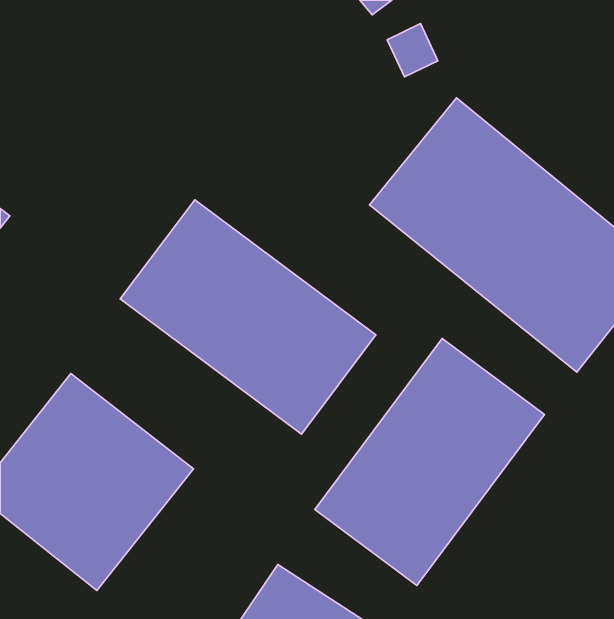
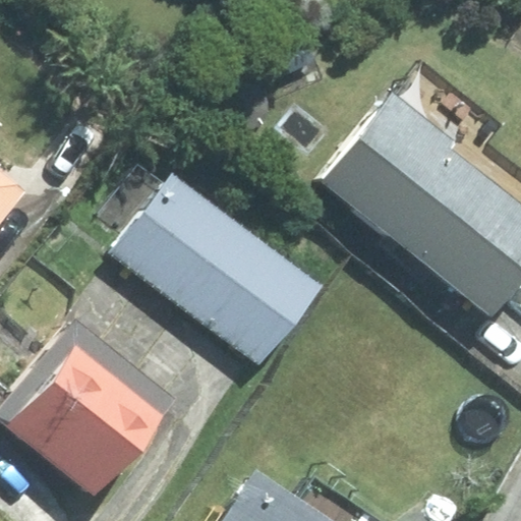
building: [315,339,544,585] -> none

